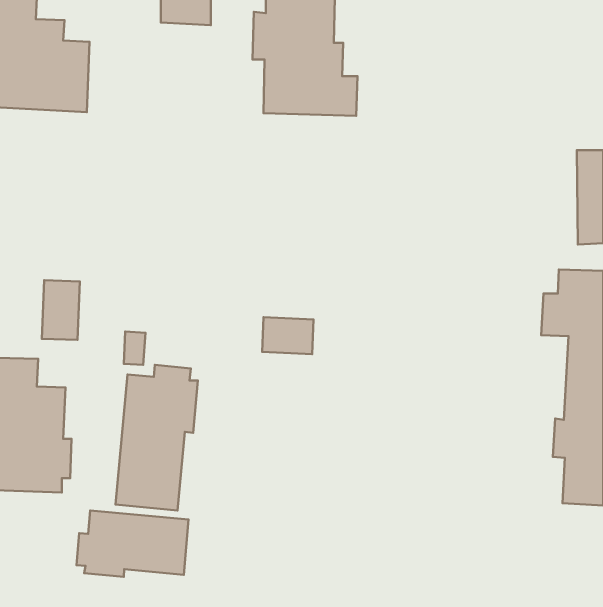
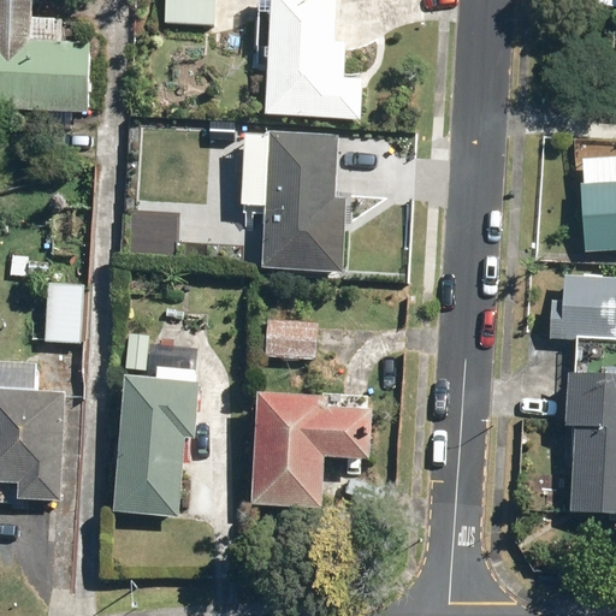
building: none -> [241,132,346,268]
building: none -> [254,392,375,509]
building: [76,511,189,577] -> none

